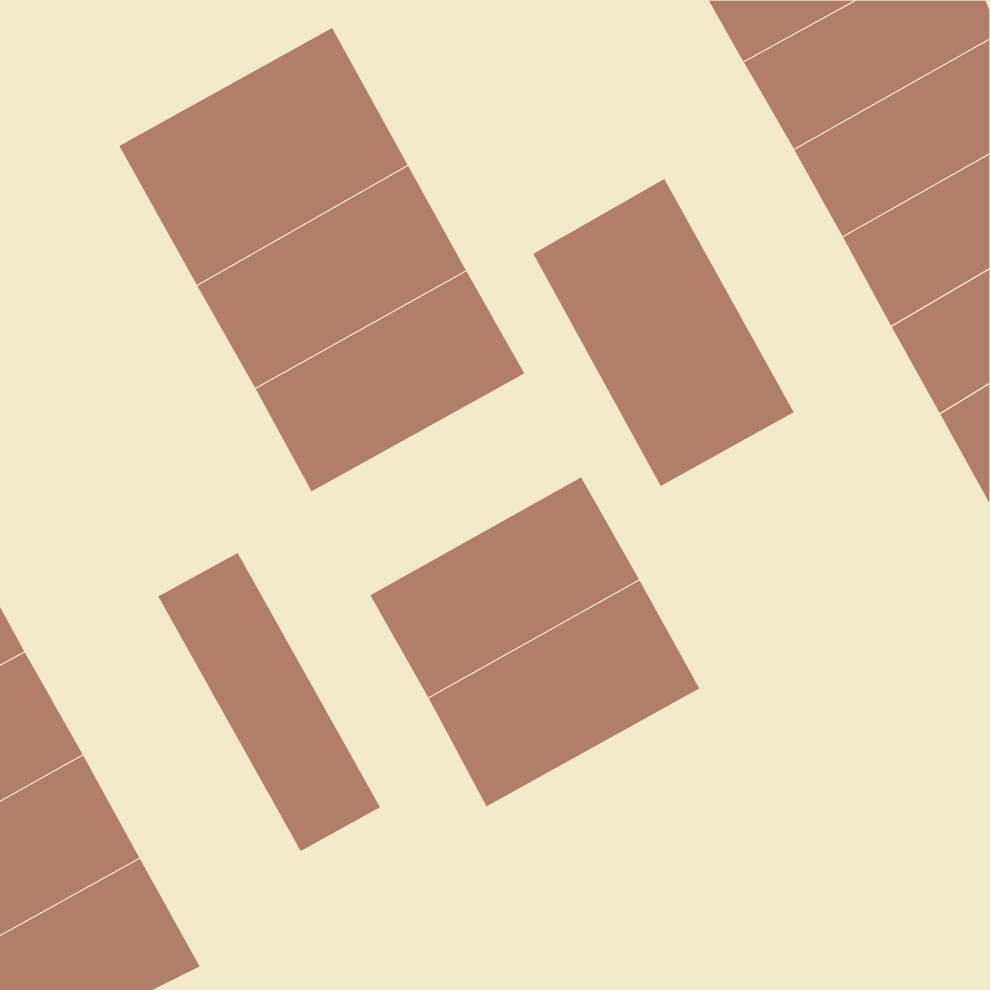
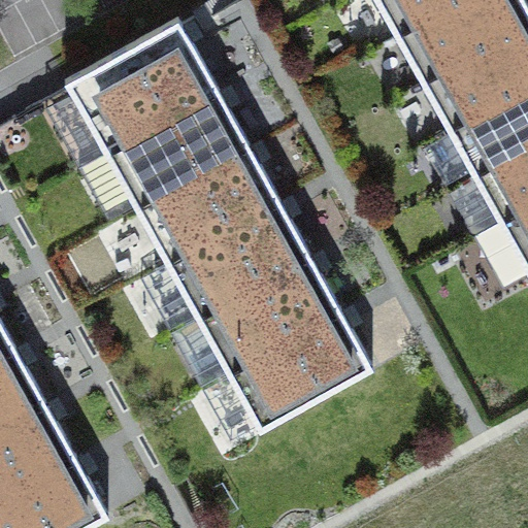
building: [532,178,794,487] -> none
building: none -> [165,200,308,318]
building: [158,552,381,852] -> none

